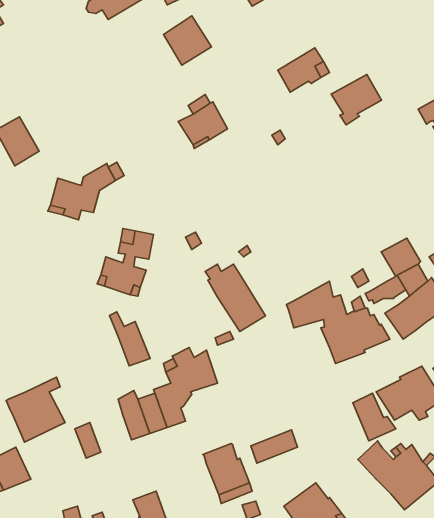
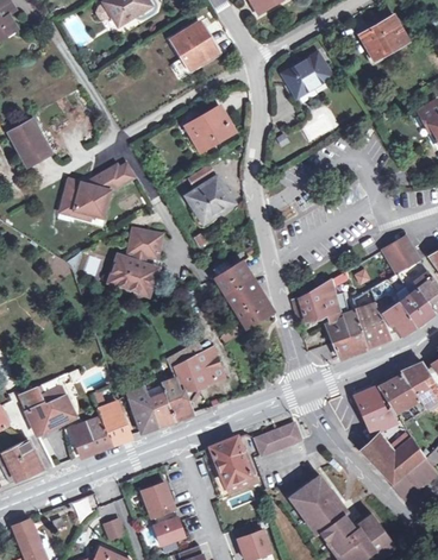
building: [331,74,382,125] -> [361,15,409,64]
building: none -> [186,176,233,222]
building: [109,312,150,366] -> [92,391,131,443]
building: none -> [69,421,96,455]

